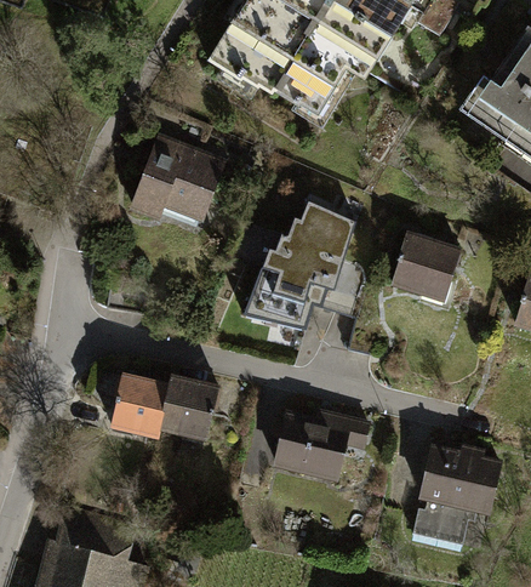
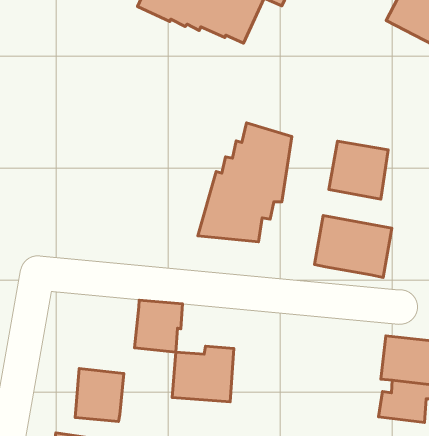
building: [133,142,224,218] -> none
building: none -> [314,216,392,277]
building: [113,375,171,437] -> [75,369,124,421]
building: [278,414,350,477] -> [172,346,234,402]

